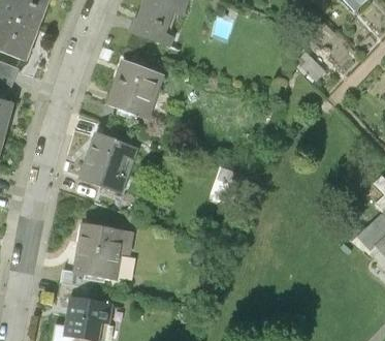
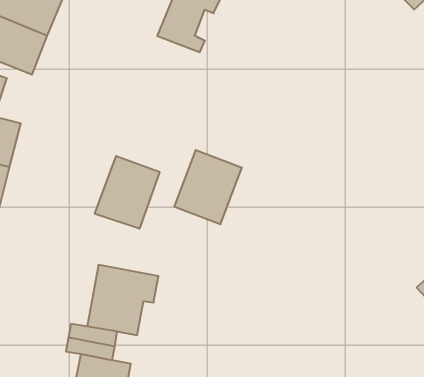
building: [108,58,164,119] -> [174,150,242,224]

